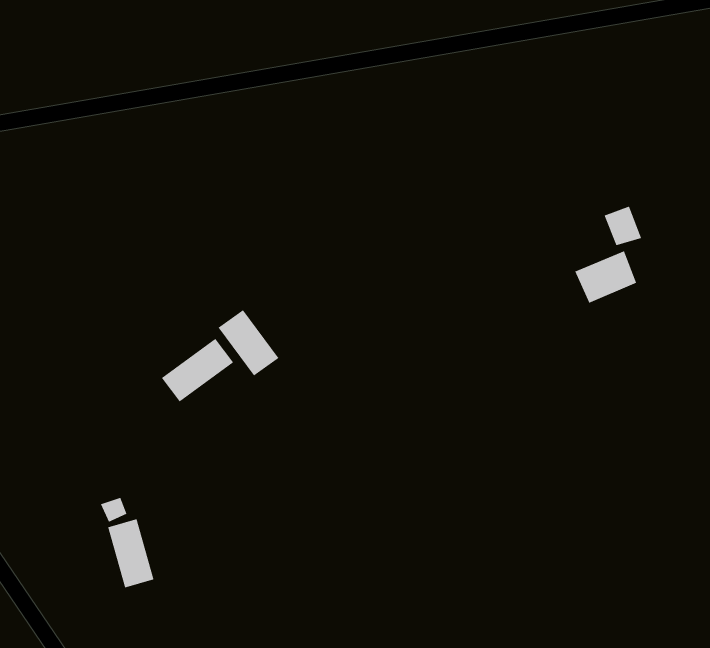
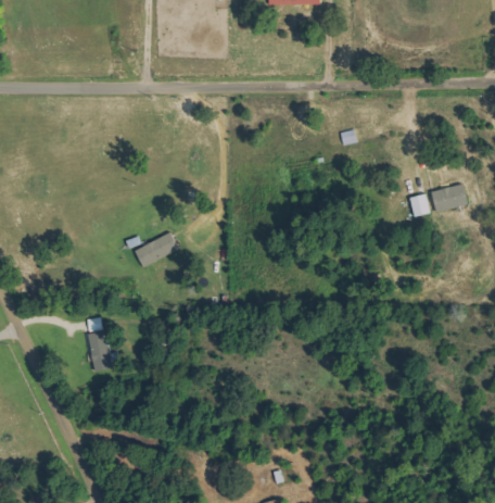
building: [574,250,637,304] -> [431,184,467,212]
building: [218,309,279,377] -> none

